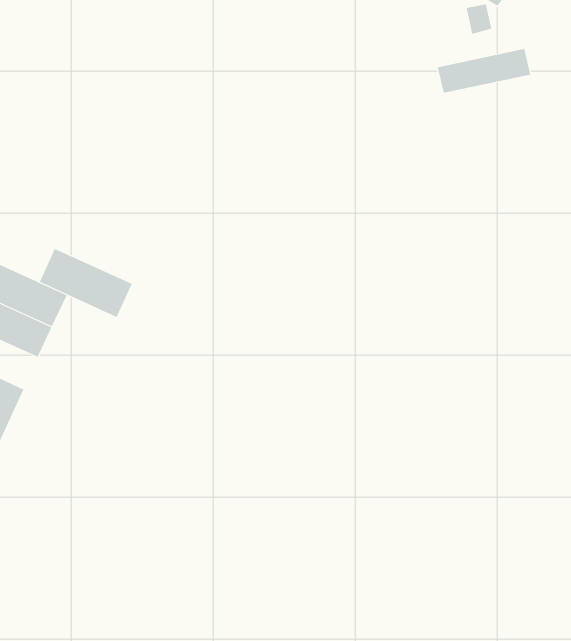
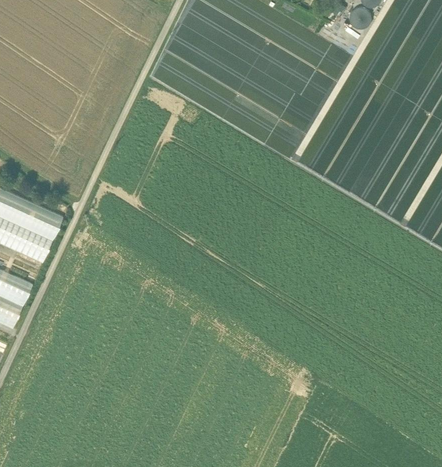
building: [437,48,531,94] -> none
building: [39,248,132,318] -> none

